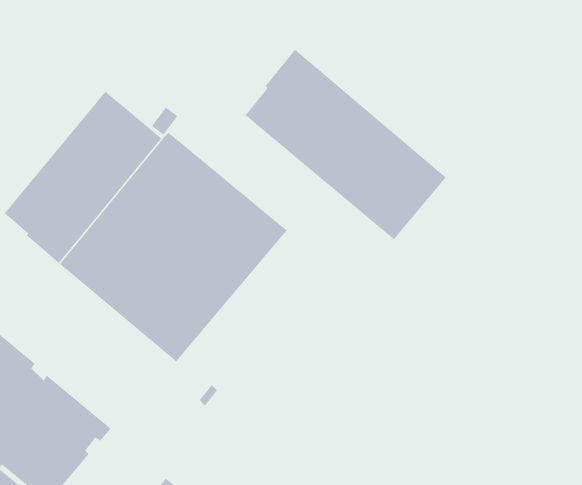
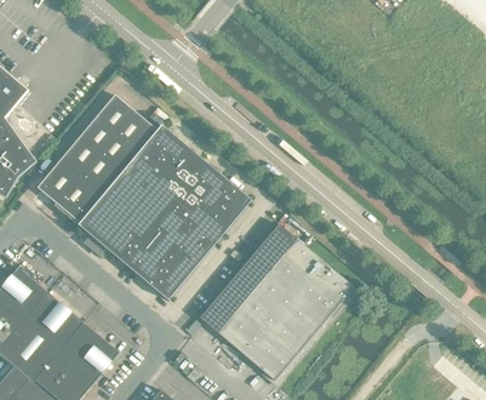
building: [245,49,447,240] -> none
building: none -> [199,222,355,381]

